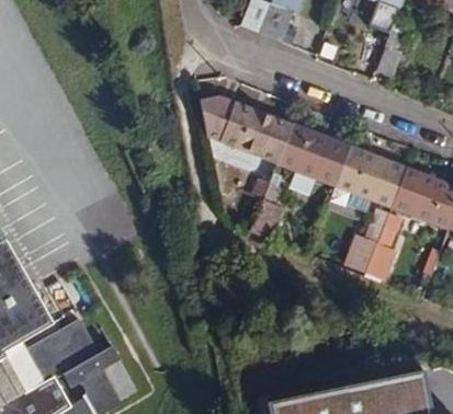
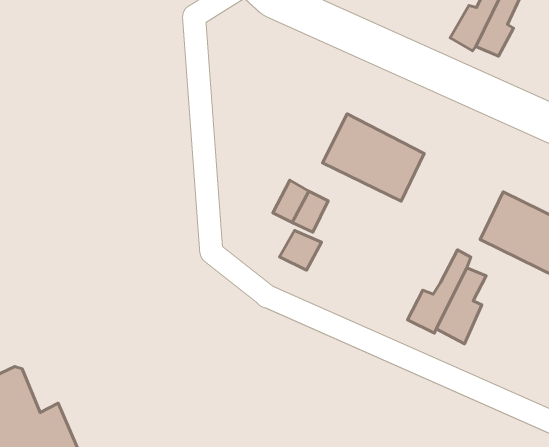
building: [199,97,288,162] -> none
building: [332,149,404,206] -> none

